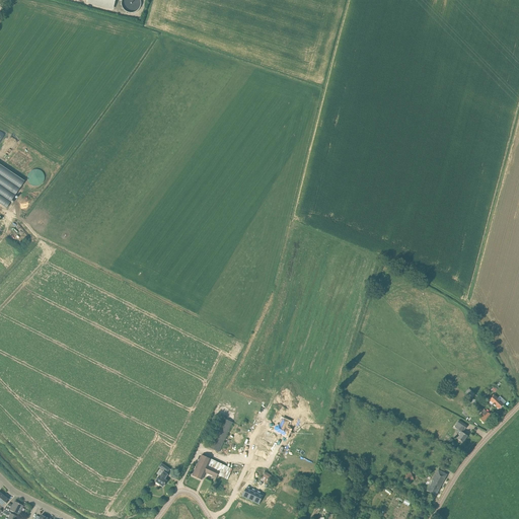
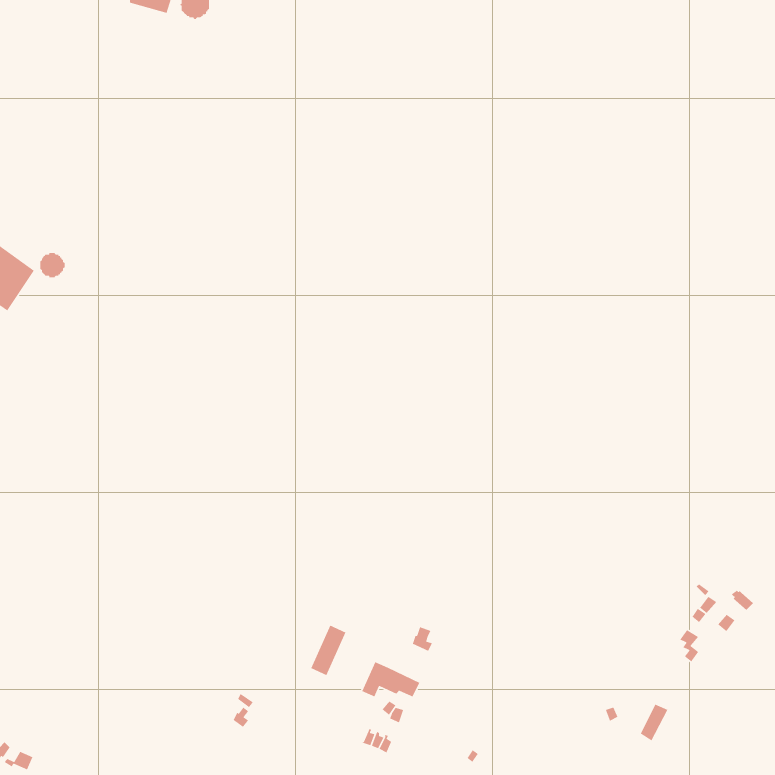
building: [192,454,231,478] -> [361,661,420,698]

